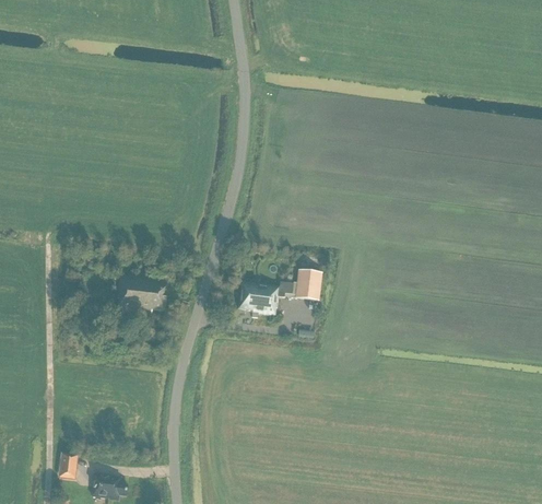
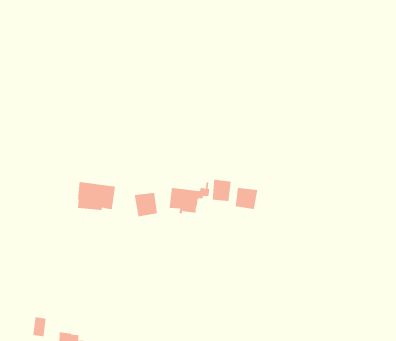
building: none -> [235,187,258,210]
building: none -> [134,192,158,217]

